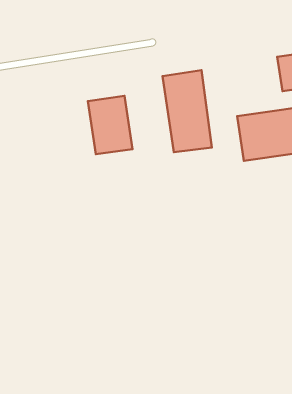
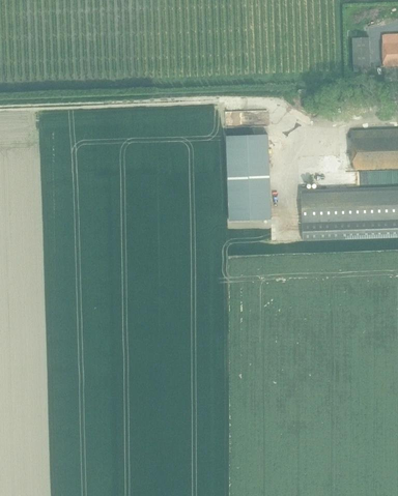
building: [88,96,132,154] -> none

